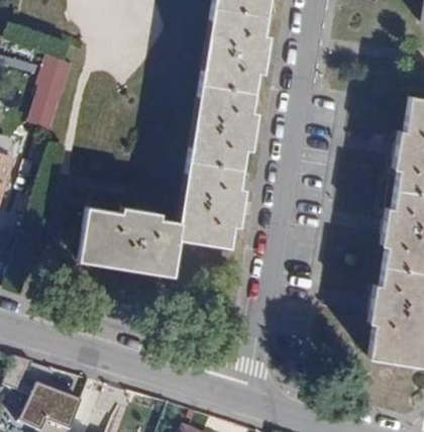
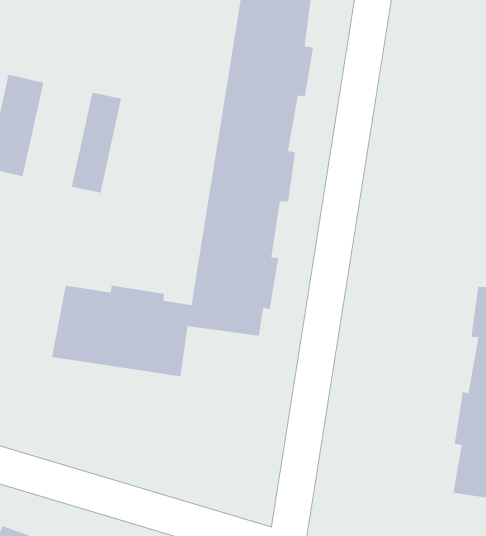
building: none -> [71,92,122,193]

